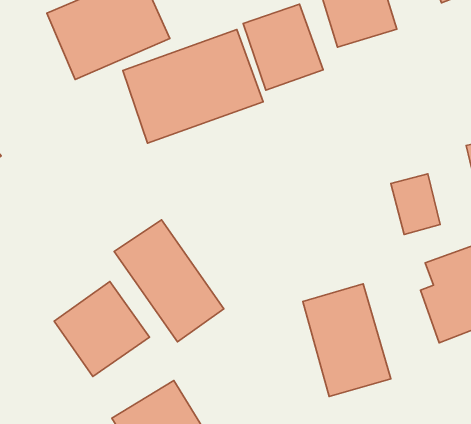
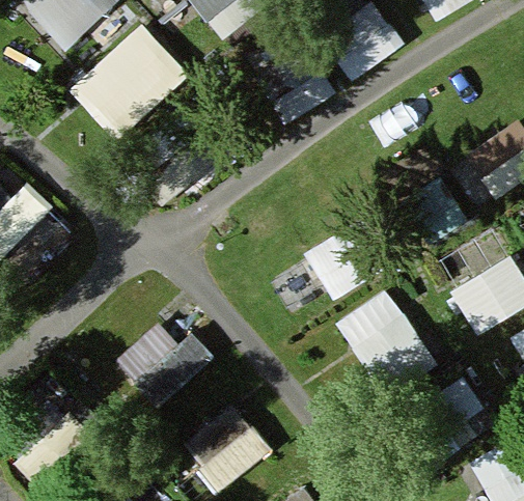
building: [123,30,263,143] -> none
building: [114,220,224,342] -> none

